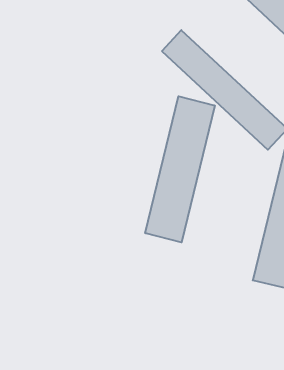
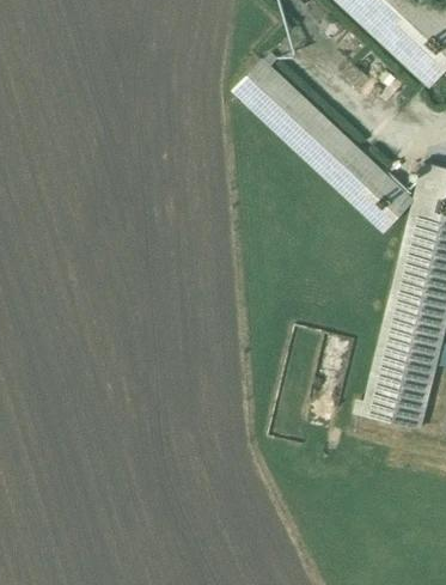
building: [145,96,215,242] -> none

